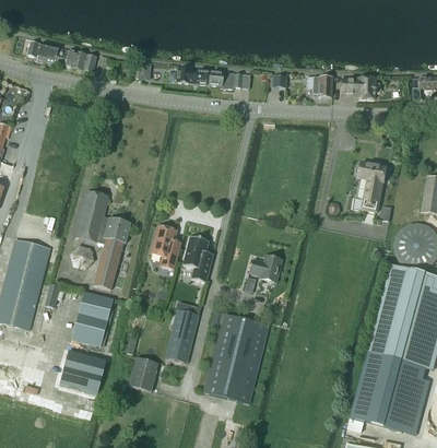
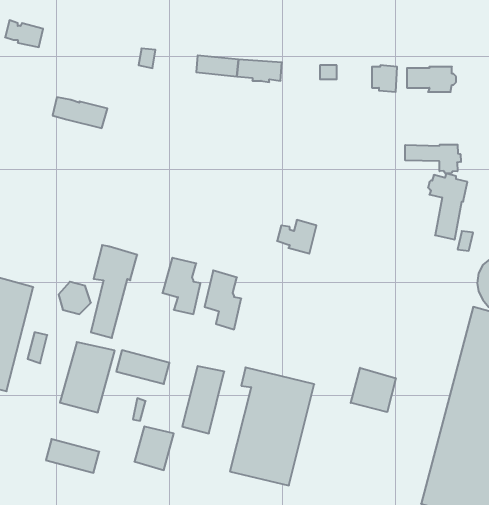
building: [55,47,97,71] -> [53,97,107,128]
building: none -> [405,145,461,174]
building: [76,189,109,241] -> none
building: [251,255,282,281] -> [277,220,316,254]
building: none -> [351,368,396,412]
building: [64,350,106,376] -> [116,350,170,384]

